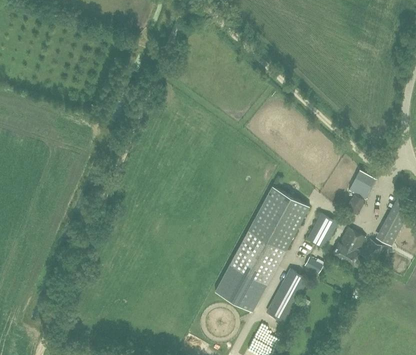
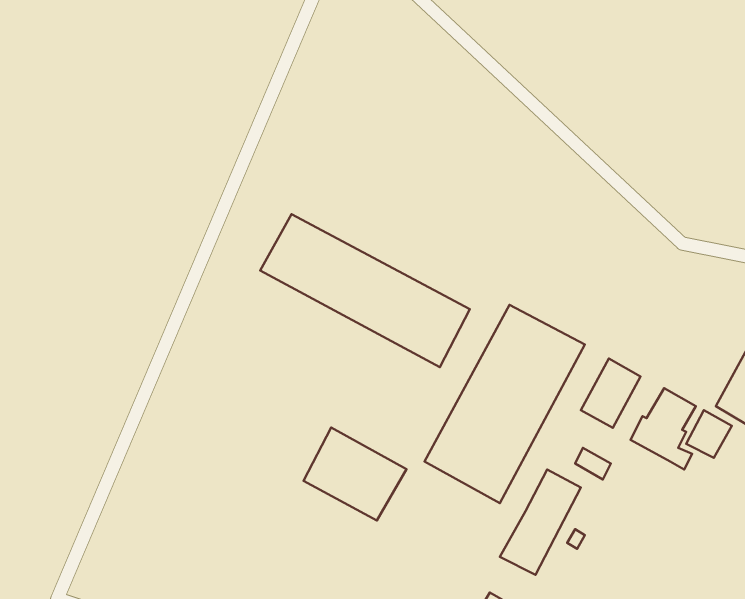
building: none -> [260,214,470,367]
building: [346,170,376,214] -> none
building: [214,265,266,312] -> [303,427,406,521]

